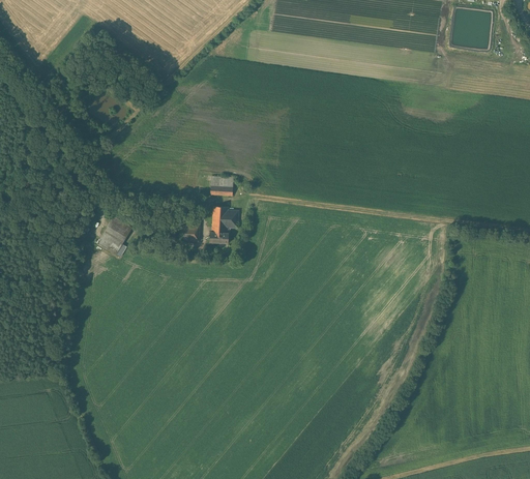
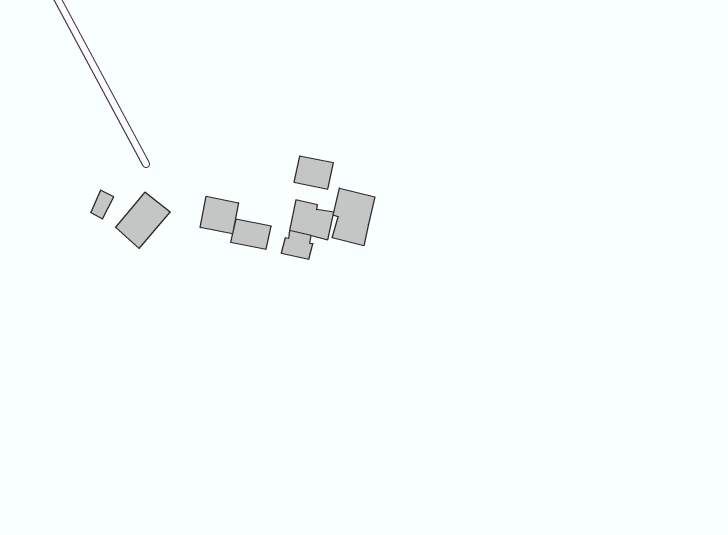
building: none -> [332,188,375,246]
building: none -> [200,196,238,234]

